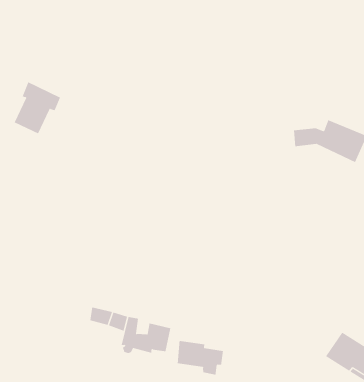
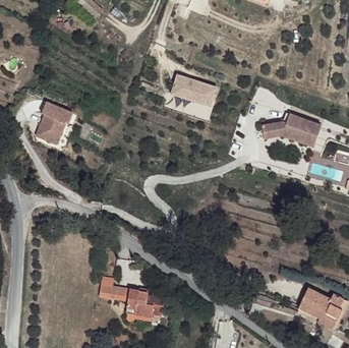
building: none -> [171,73,220,109]
building: [177,340,223,376] -> none

